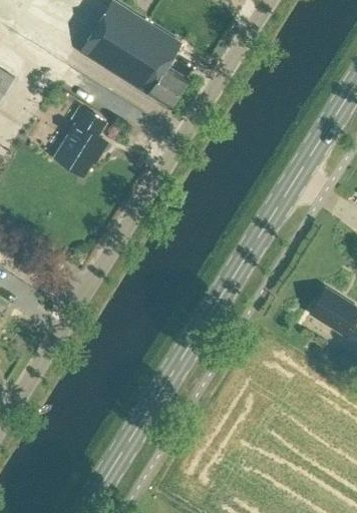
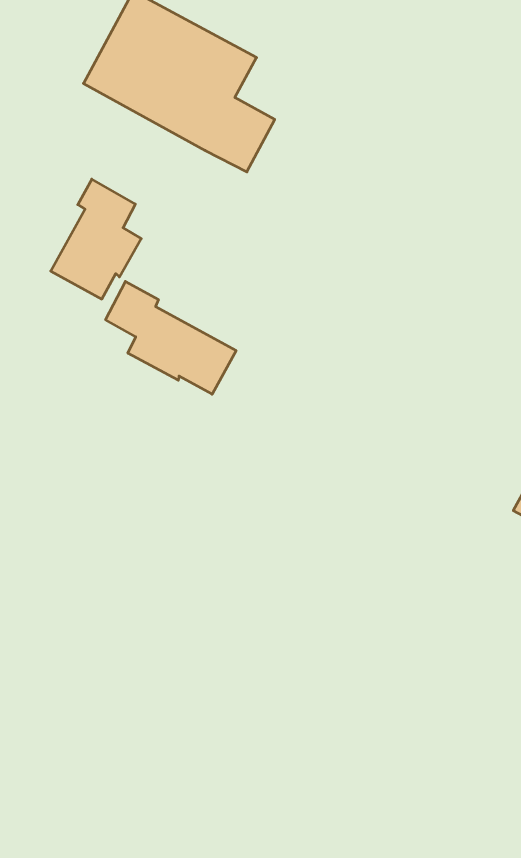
building: none -> [106,281,236,394]

